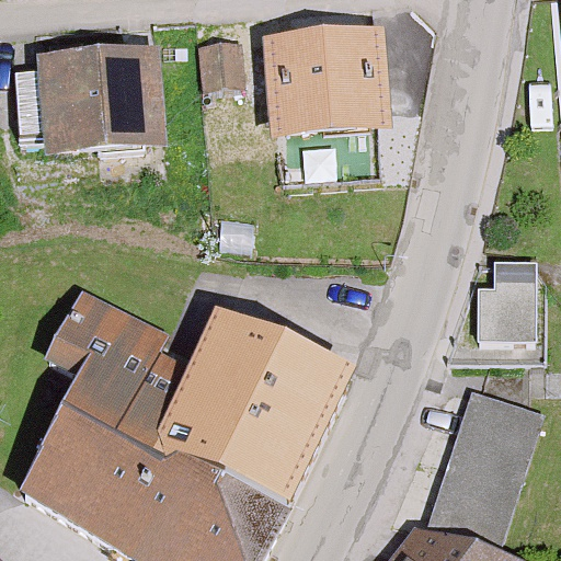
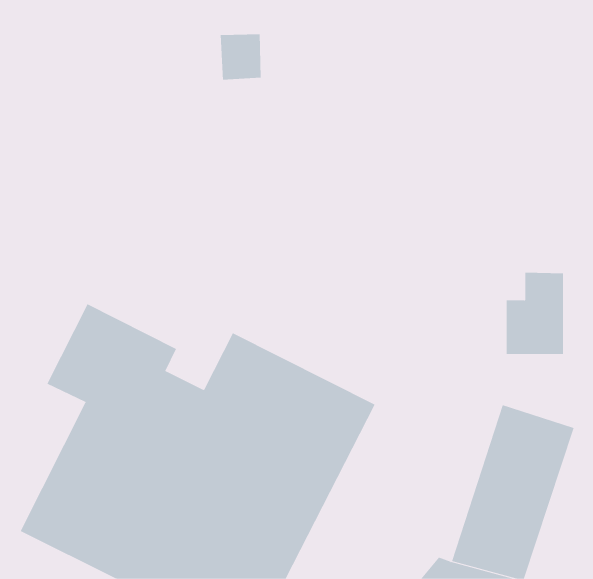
building: [264,32,387,139] -> none
building: [41,49,162,153] -> none

